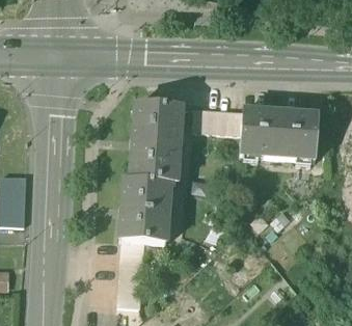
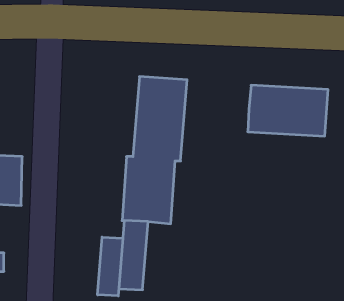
building: [195,108,245,133] -> none
building: none -> [98,237,123,296]

